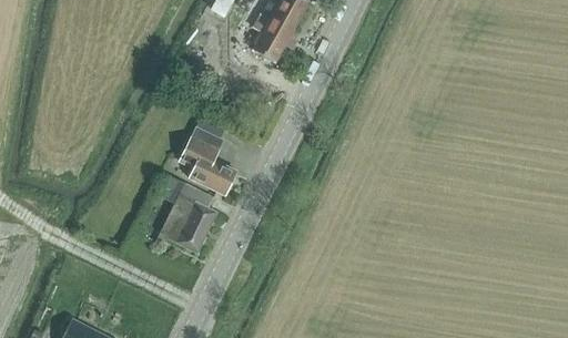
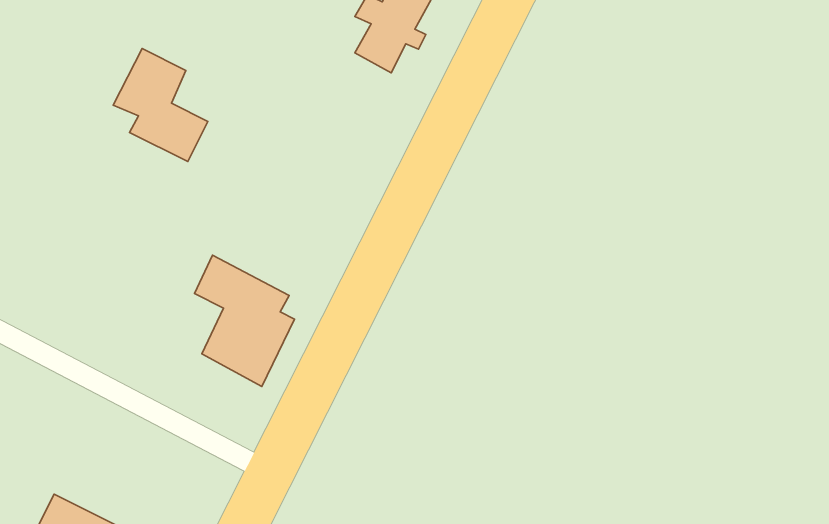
building: [179,127,236,196] -> [113,49,208,162]

